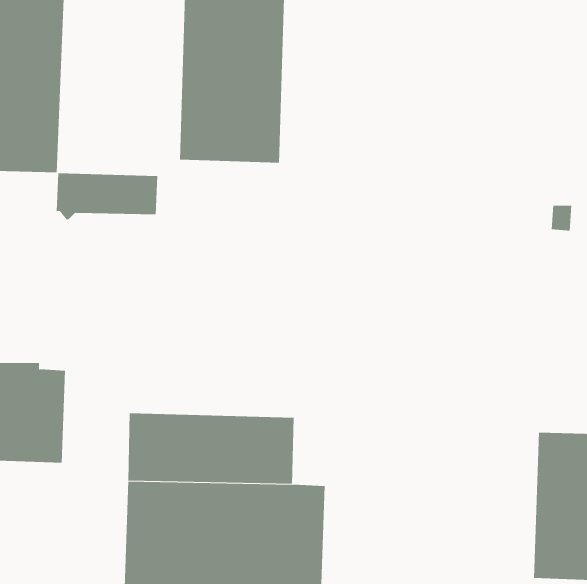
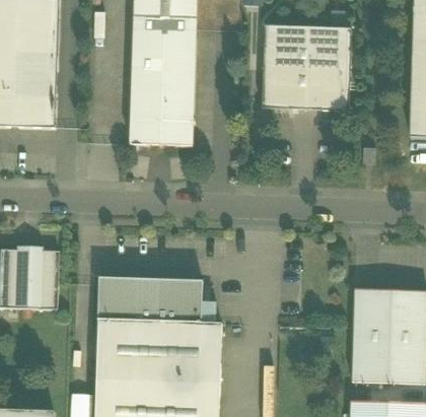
building: none -> [262,24,352,110]
building: [56,173,158,220] -> [130,119,194,148]

